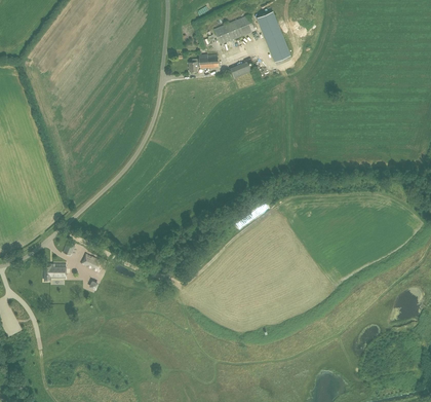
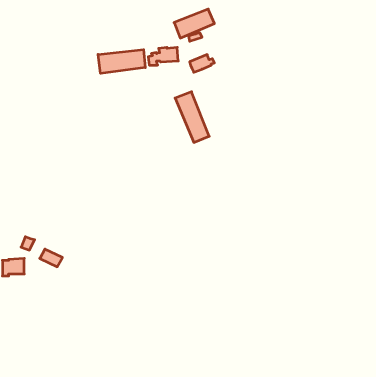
building: [256,11,289,62] -> [175,92,209,142]
building: none -> [98,50,145,73]

